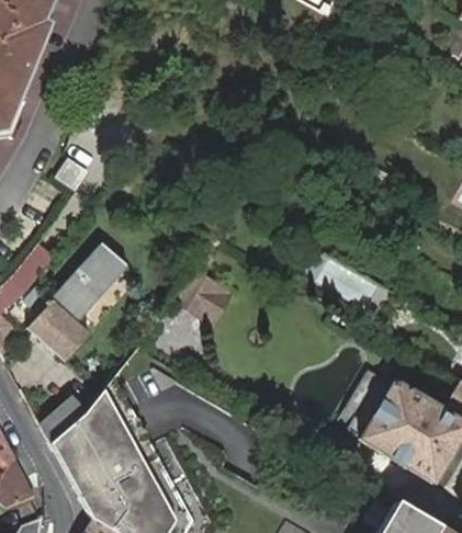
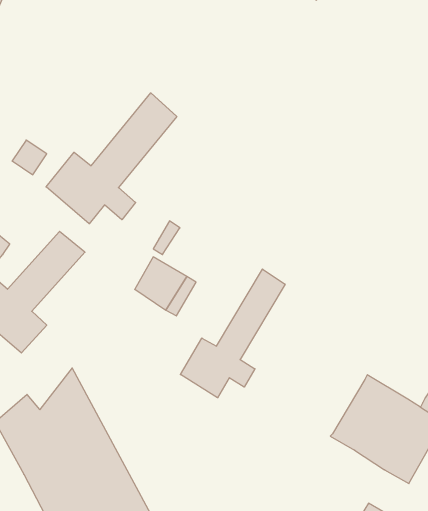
building: none -> [46,93,177,224]
building: none -> [180,269,285,398]

